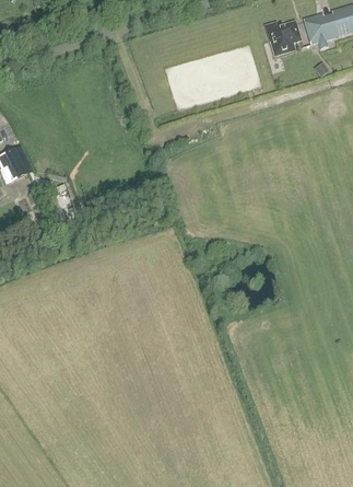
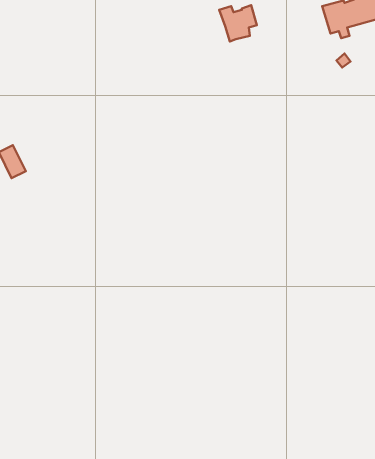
building: [264,22,299,56] -> [219,5,257,42]

